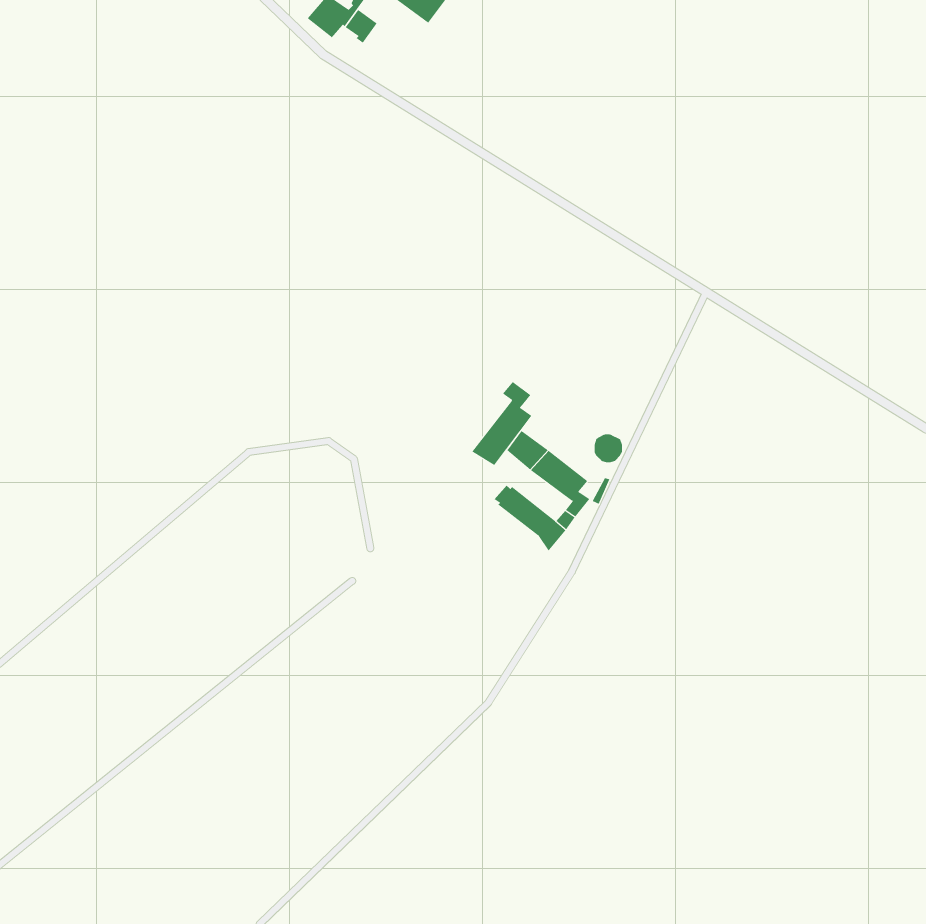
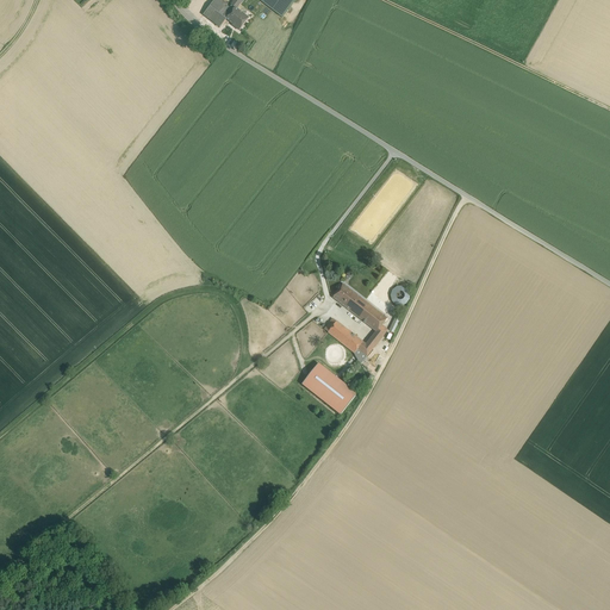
building: [471,381,532,466] -> none
building: none -> [300,361,356,412]

